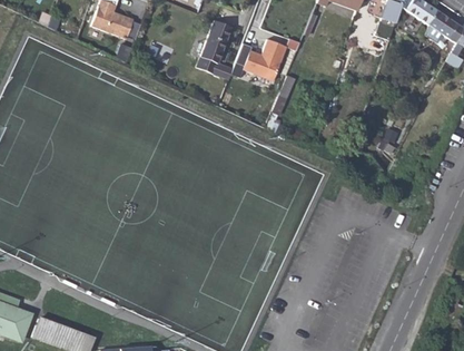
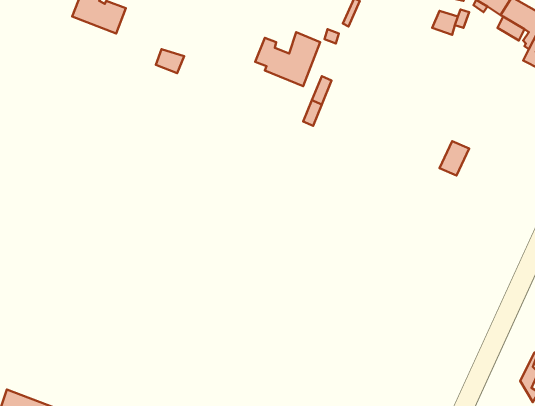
building: [197,19,233,78] -> none

